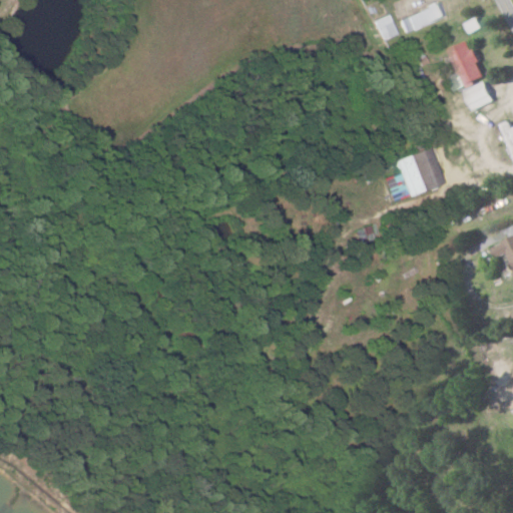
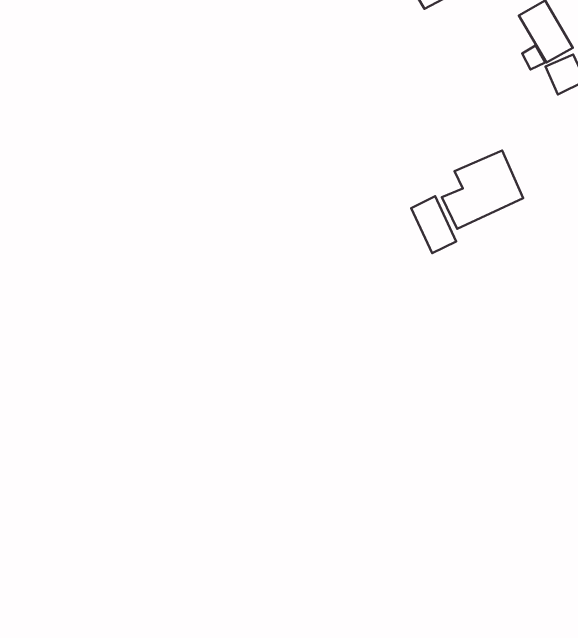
building: none -> [411,196,456,253]

